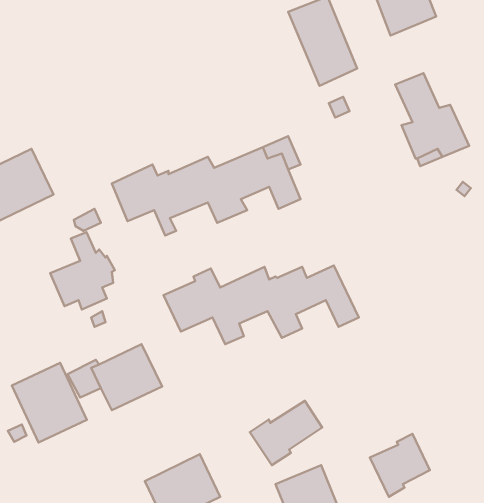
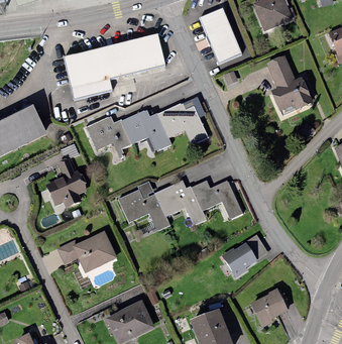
building: none -> [63,33,165,101]
building: [12,363,87,443] -> none
building: [250,401,322,465] -> [221,236,267,277]

